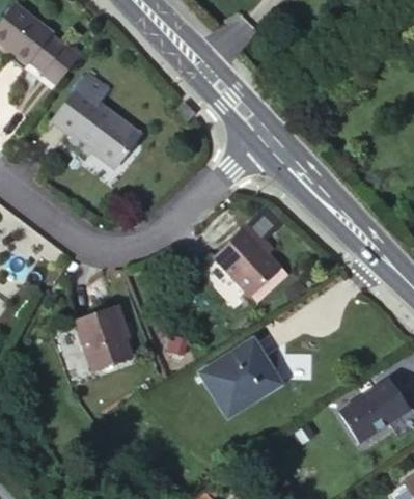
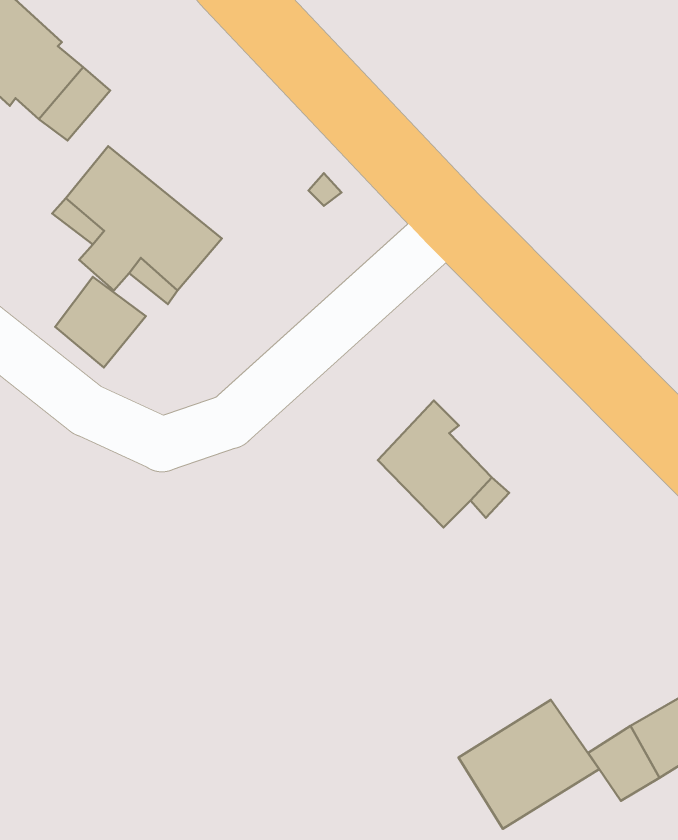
building: none -> [55,277,146,367]
building: [78,301,129,365] -> none
building: [203,346,279,416] -> [458,700,599,829]

